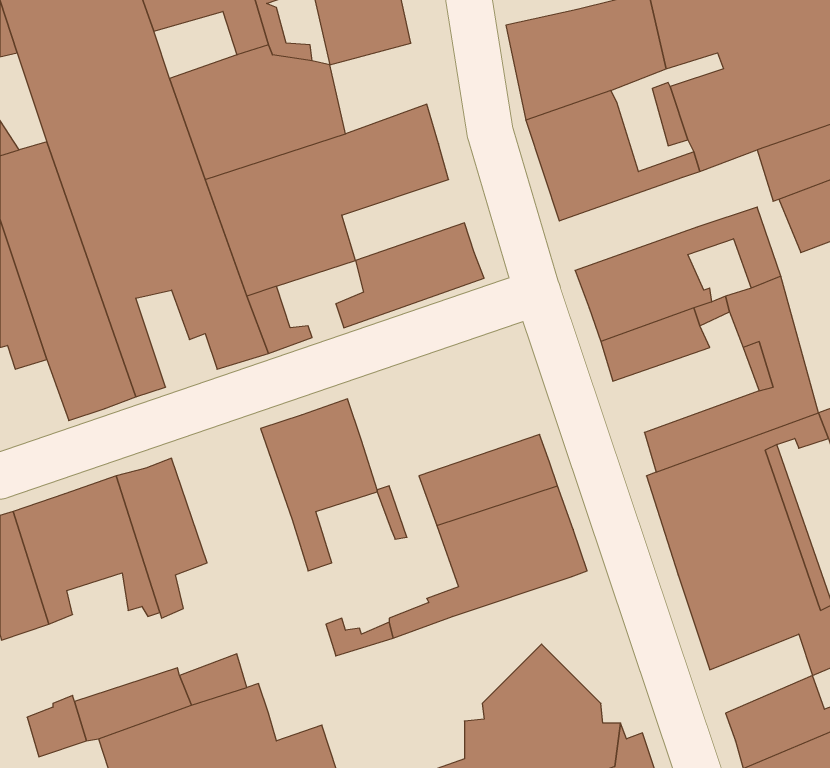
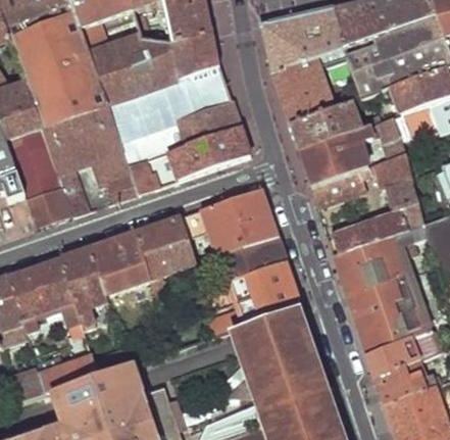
building: none -> [170,33,220,80]
building: none -> [289,102,360,150]
building: none -> [177,103,240,145]
building: none -> [180,188,279,256]
building: none -> [89,232,151,306]
building: none -> [234,308,320,384]
building: none -> [366,338,419,379]

